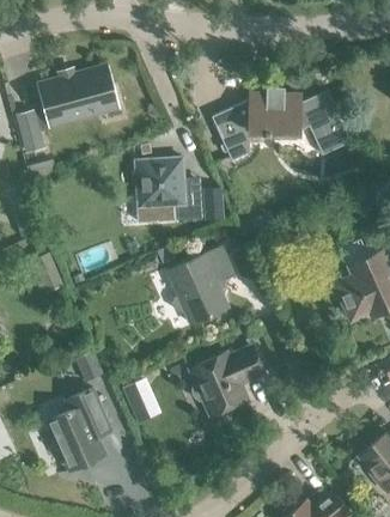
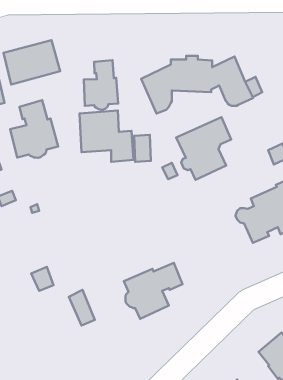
building: none -> [84,60,118,110]
building: none -> [10,100,58,158]
building: [166,247,234,324] -> [176,117,231,180]
building: [48,388,109,470] -> none

